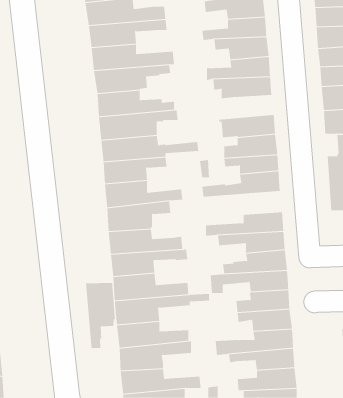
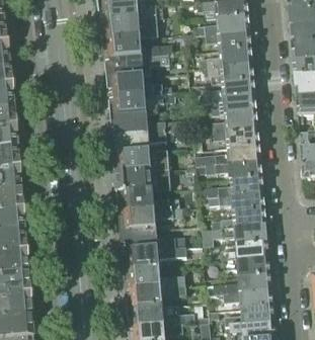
building: none -> [204,80,255,100]
building: none -> [195,160,262,179]
building: [85,282,115,349] -> none

